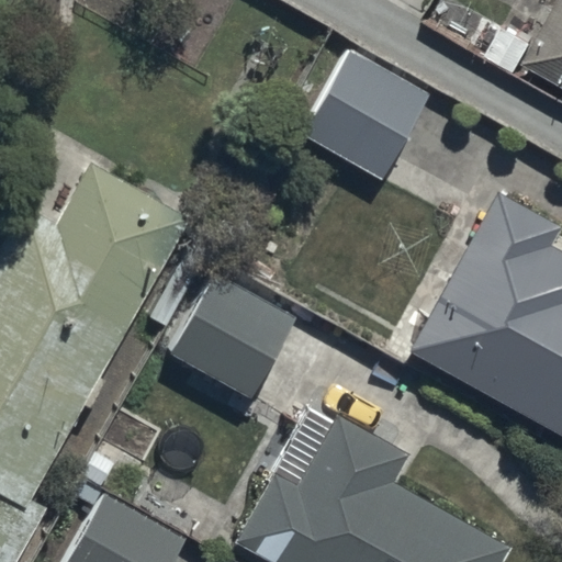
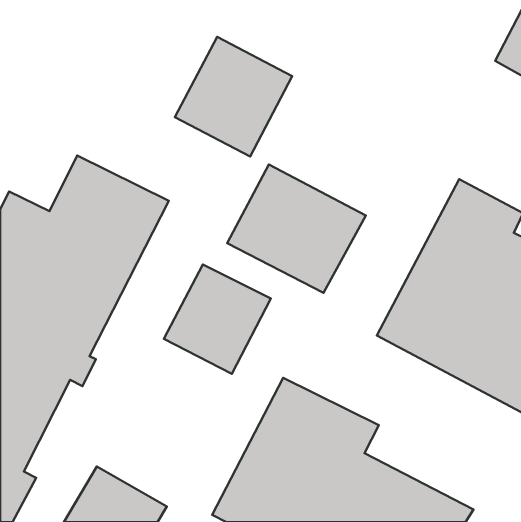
building: [305,53,430,180] -> [175,37,292,156]
building: none -> [227,165,366,293]

